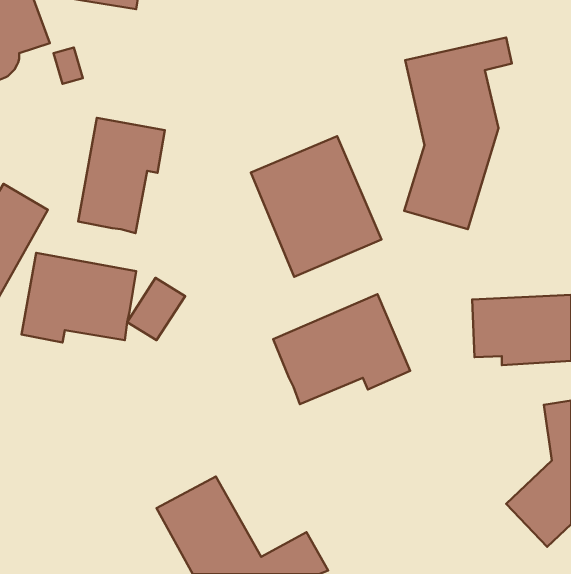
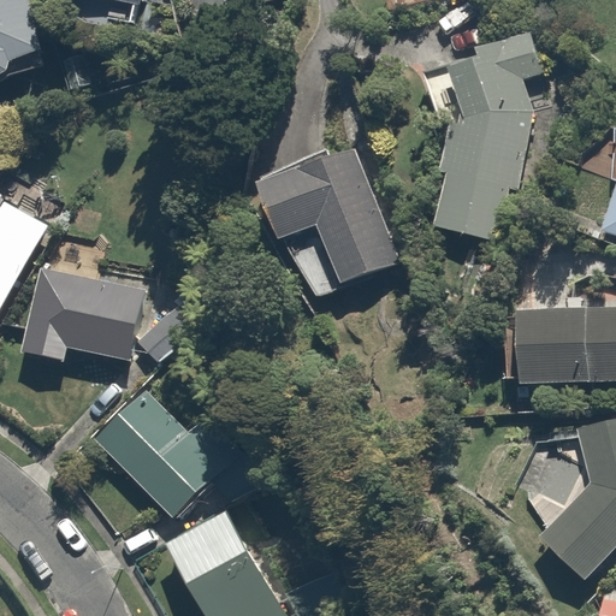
building: [78,118,165,233] -> none
building: [273,294,410,404] -> none
building: none -> [85,385,270,517]

